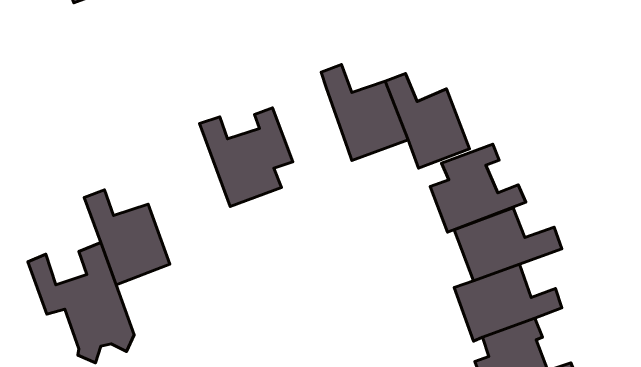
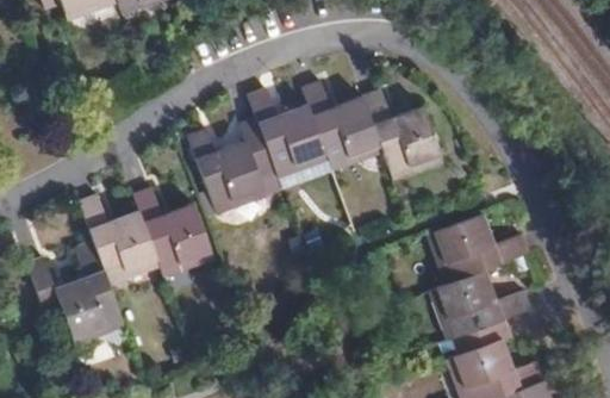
building: none -> [248,91,328,179]
building: [430,144,526,232] -> none
building: none -> [136,188,212,278]

